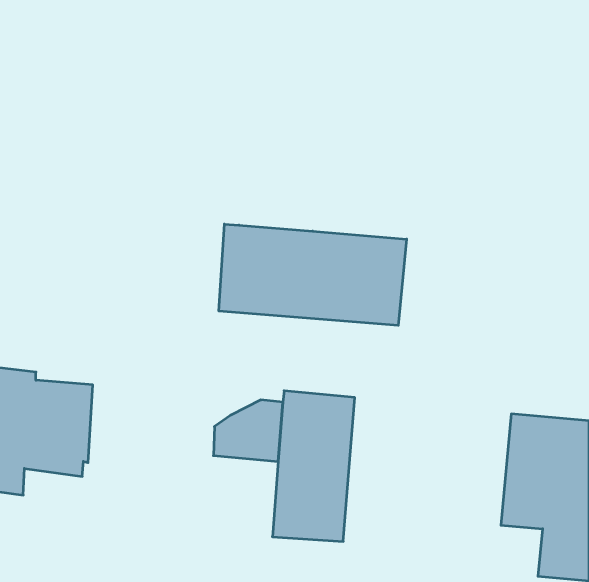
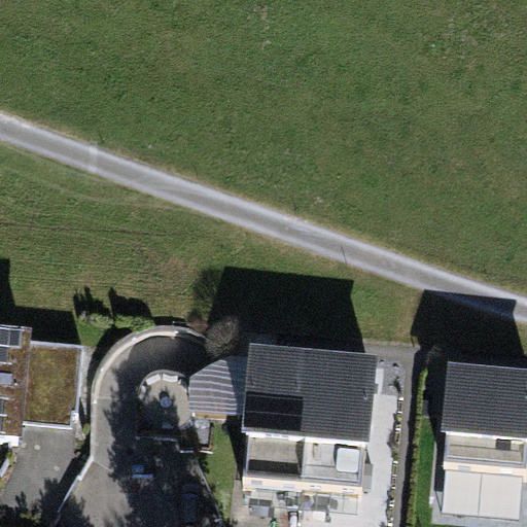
building: [219,224,407,325] -> none
building: none -> [305,353,376,486]

